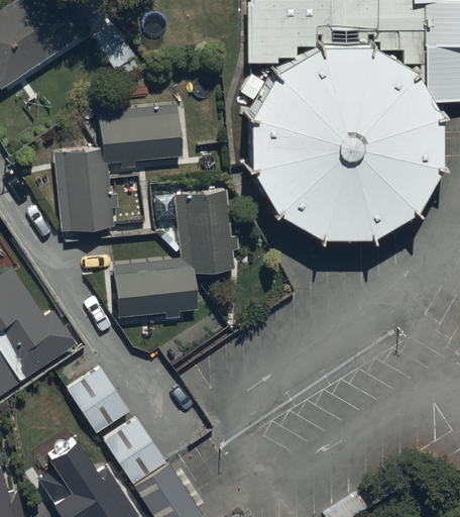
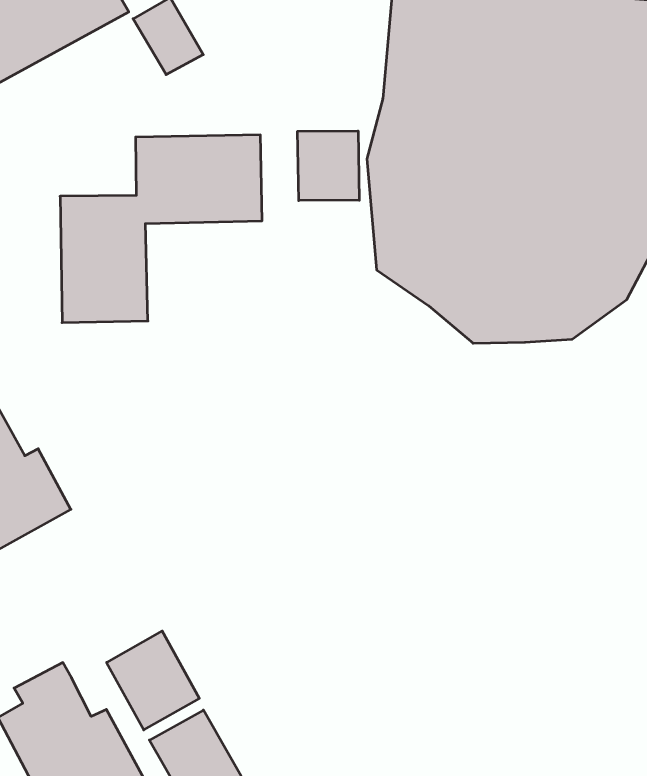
building: none -> [298,131,359,201]
building: [114,190,236,318] -> none
building: [70,367,131,433] -> none

